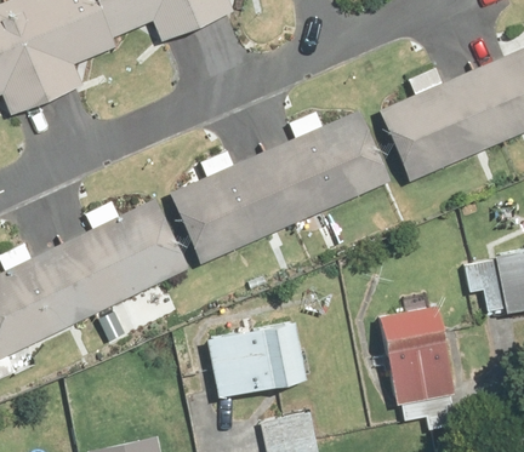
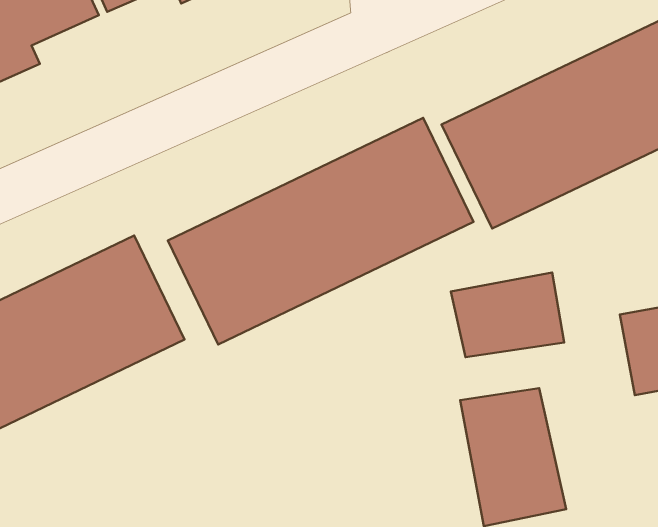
building: none -> [451,273,564,357]
building: [205,321,308,400] -> none

